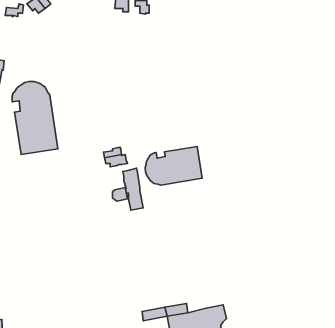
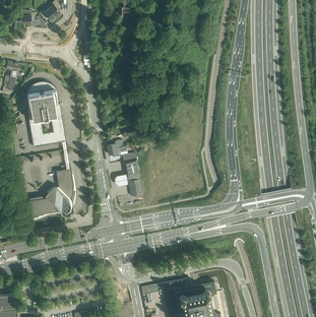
building: [145,147,202,185] -> none
building: none -> [27,169,74,214]

